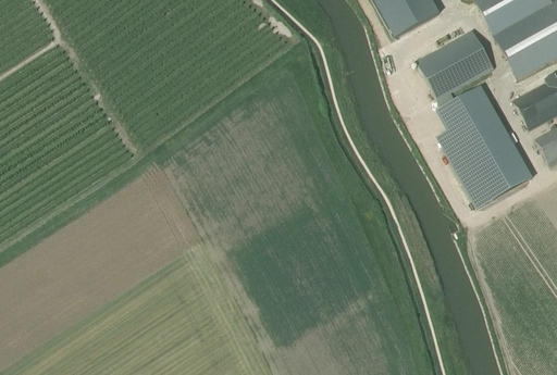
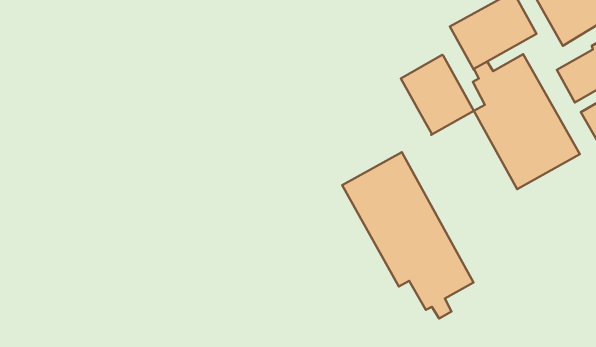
building: none -> [401,55,474,135]
building: none -> [342,152,474,319]

